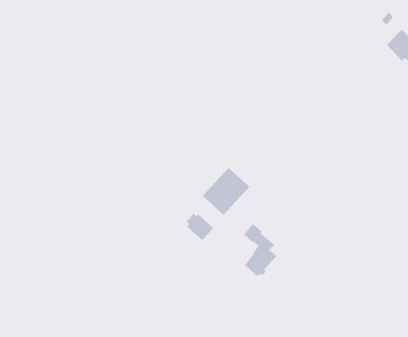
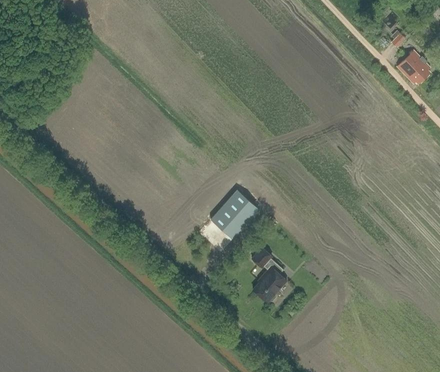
building: [186,213,214,241] -> none

